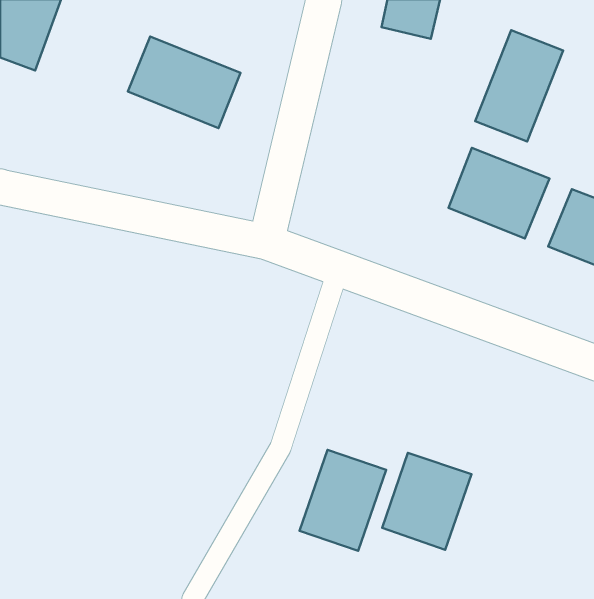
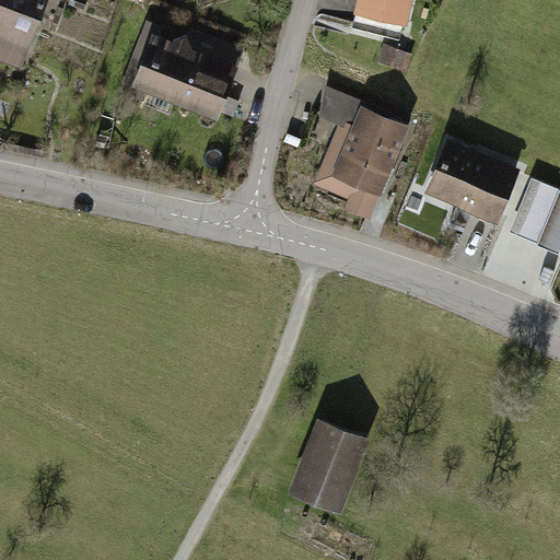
building: [475,30,563,142] -> none
building: none -> [316,85,404,199]
building: [382,453,472,550] -> none

